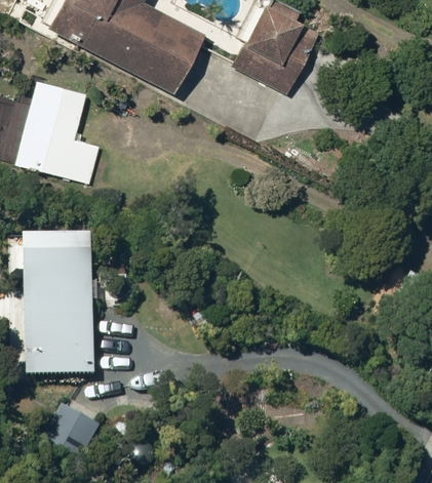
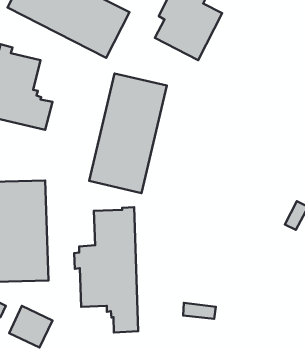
building: none -> [89,73,167,193]
building: none -> [74,207,138,333]

